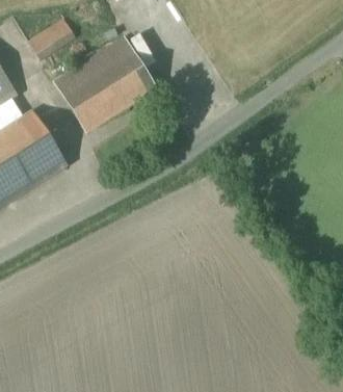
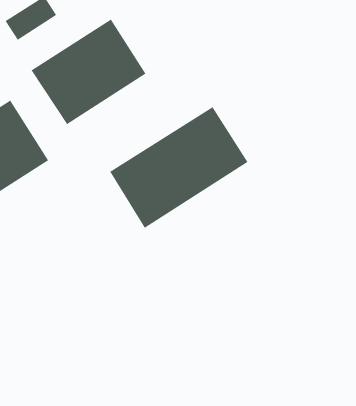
building: none -> [109,106,249,229]

